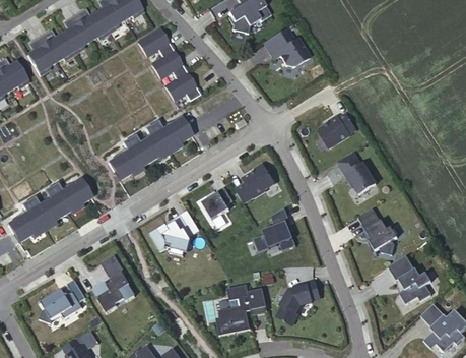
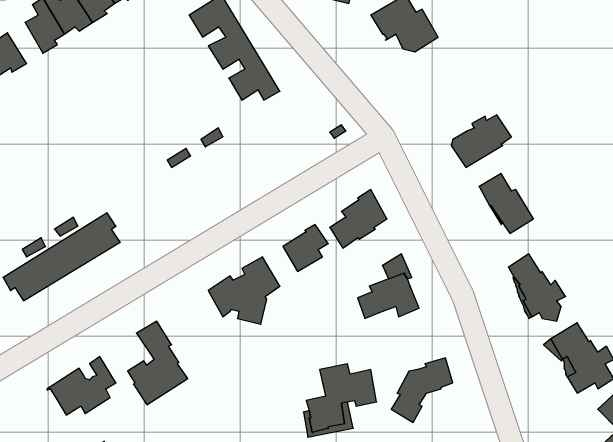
building: [108,118,189,179] -> none

